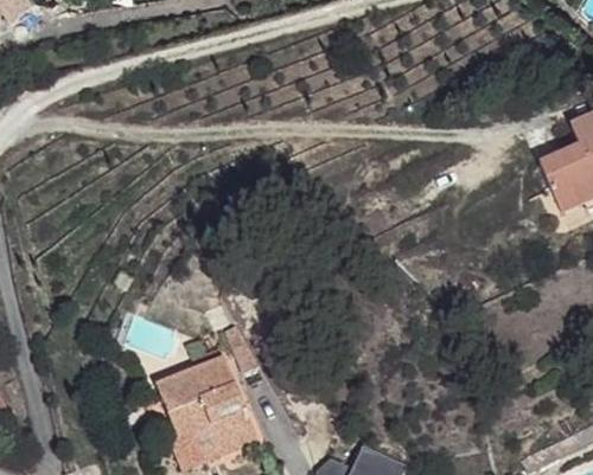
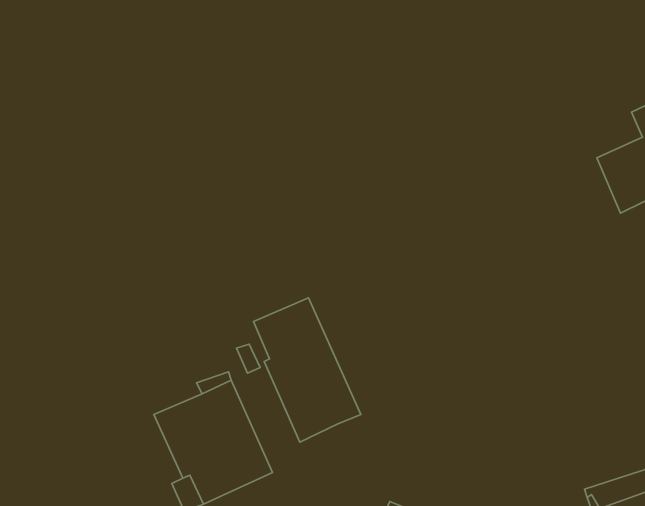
building: none -> [253,298,361,442]

